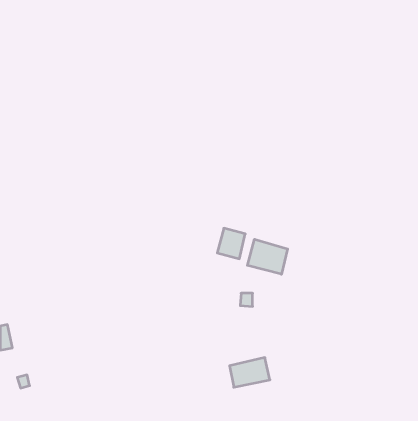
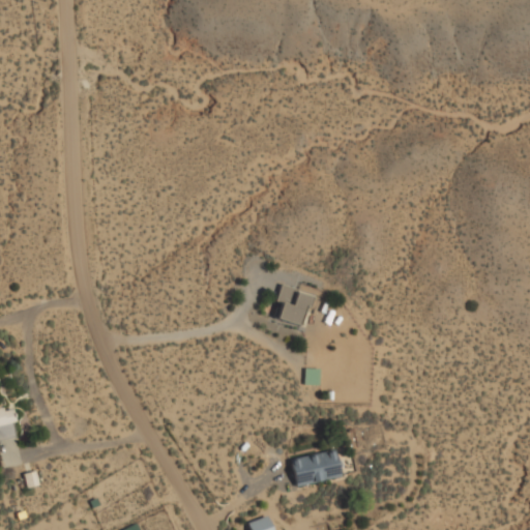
building: [247,239,288,274] -> none

